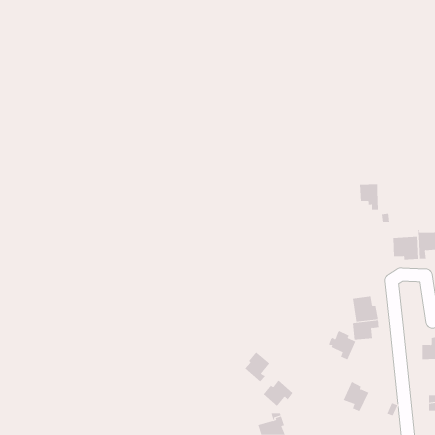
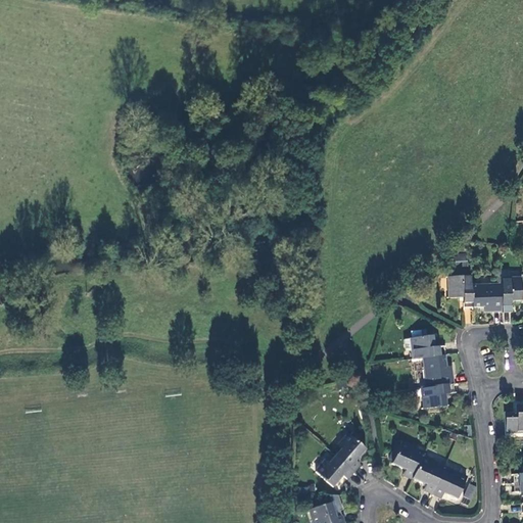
building: [359,184,379,210] -> [448,276,472,307]
building: none -> [412,335,445,359]
building: [328,330,356,360] -> [388,443,422,479]
building: [245,352,270,382] -> [334,434,365,471]
building: none -> [432,470,467,498]

